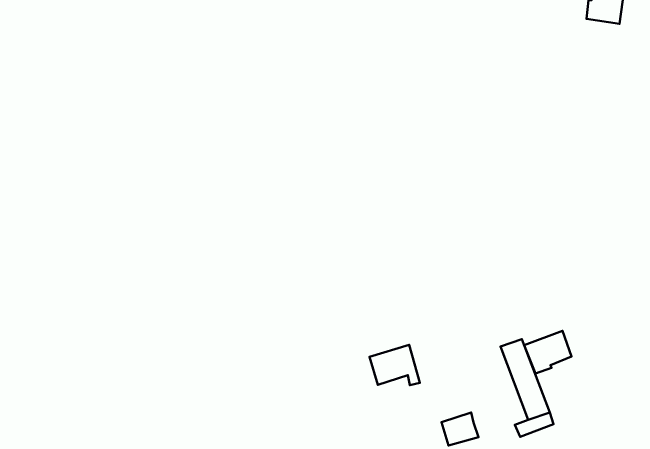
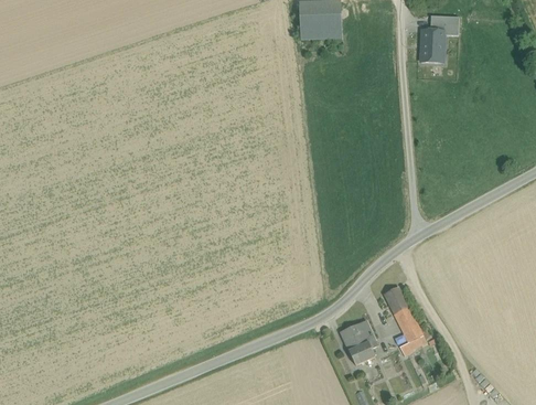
building: [524,331,571,373] -> none
building: [369,345,420,385] -> [341,318,377,348]

